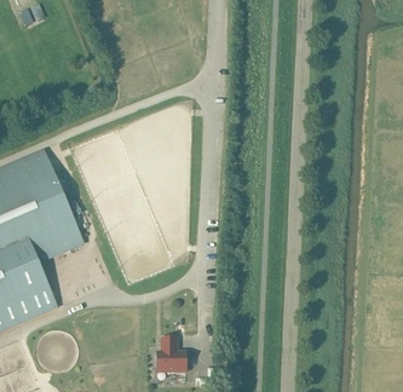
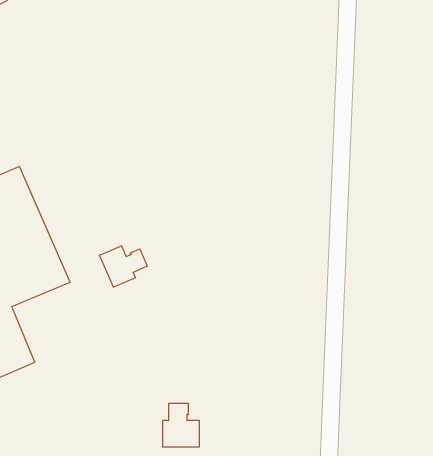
building: none -> [100,246,147,287]

